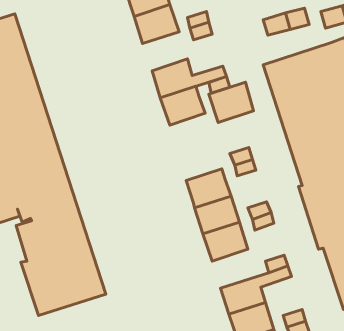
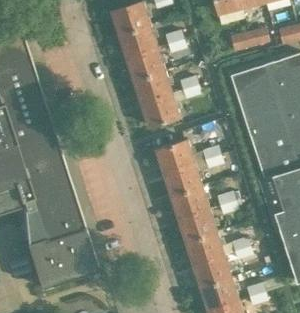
building: none -> [128,49,166,82]
building: [209,82,254,122] -> [157,141,195,175]
building: none -> [187,233,225,266]

